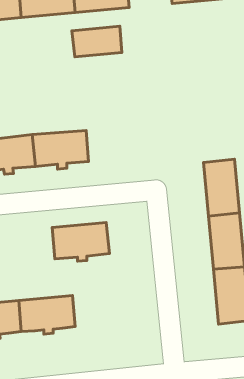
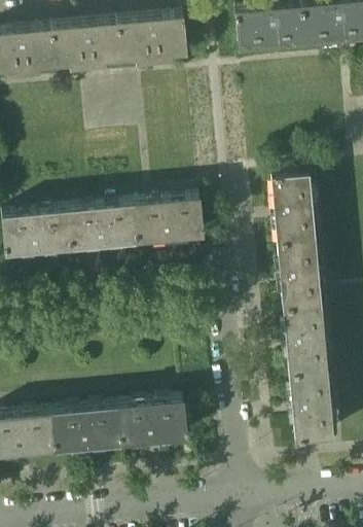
building: [72,26,122,57] -> none
building: none -> [271,173,316,243]
building: none -> [135,198,205,245]
building: [52,223,110,261] -> [118,399,188,447]

